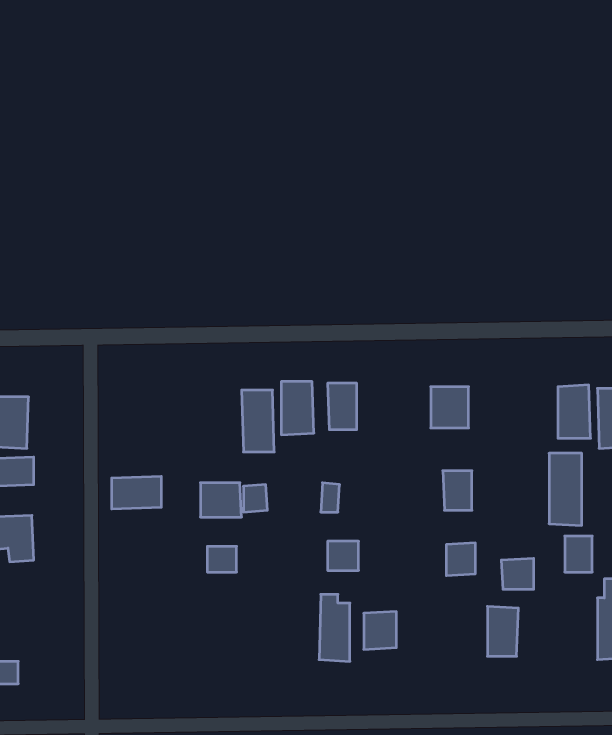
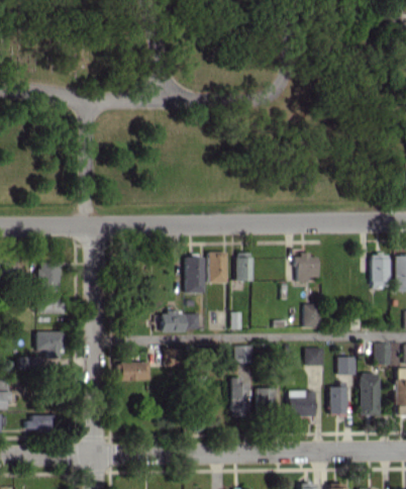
building: [549,453,582,525] -> [360,373,379,415]
building: [112,476,161,509] -> [120,361,149,380]
building: none -> [289,390,315,416]

